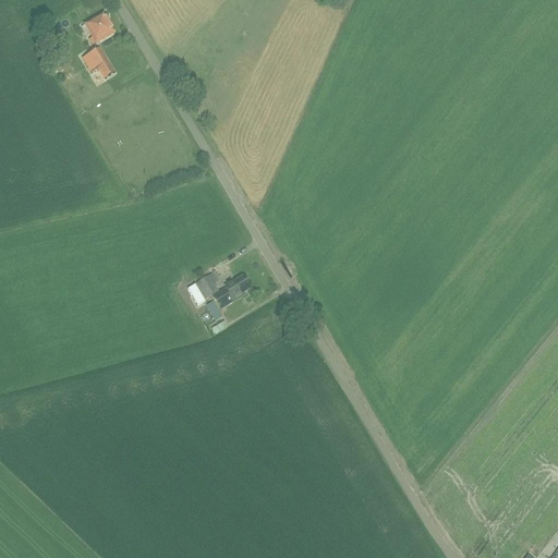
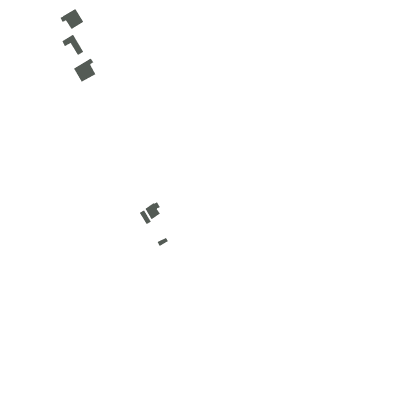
building: none -> [73,58,96,83]
building: [213,276,250,307] -> none

